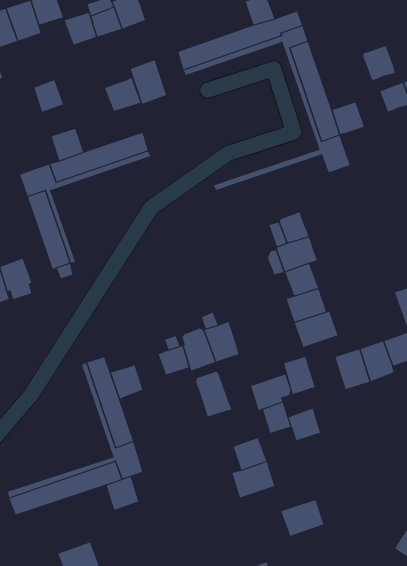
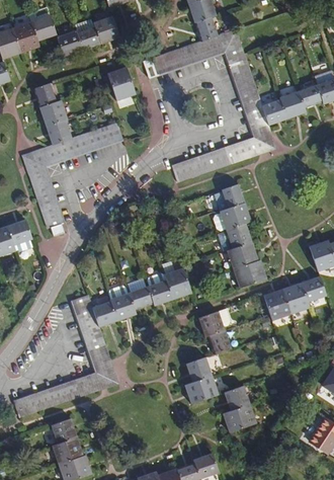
building: [362,46,395,81] -> [280,91,306,118]
building: [104,77,141,112] -> [39,99,68,126]
building: none -> [173,140,259,181]
building: [283,356,315,395] -> none
building: [195,371,232,417] -> [108,285,137,320]
building: [288,408,321,441] -> [225,385,250,410]
building: [106,476,139,511] -> [52,417,77,444]

